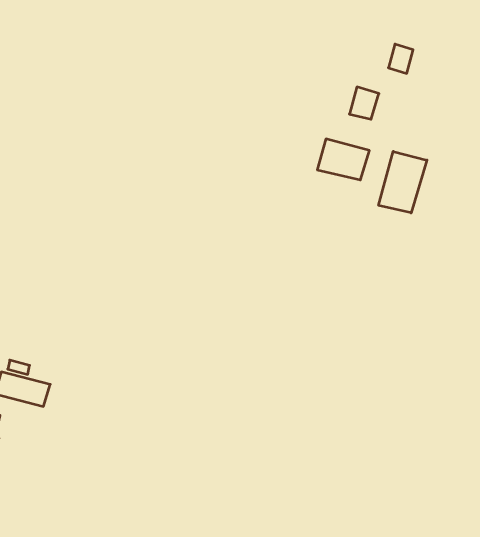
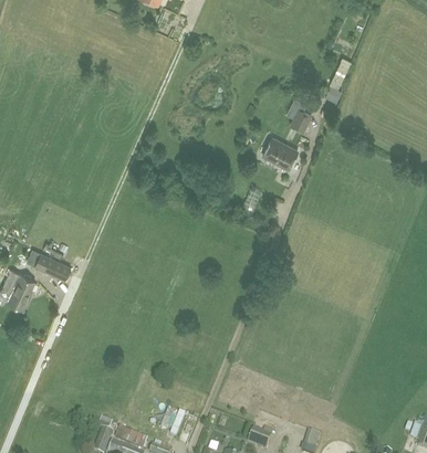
building: [379,151,427,213] -> none

